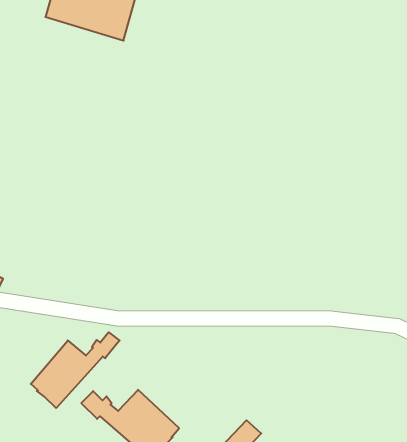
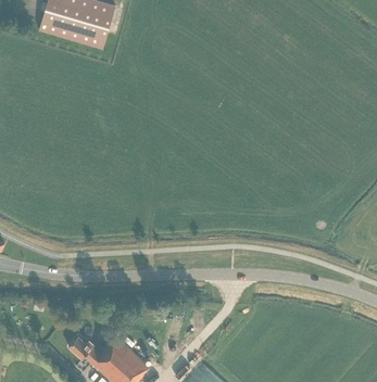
building: [31,332,120,408] -> none

